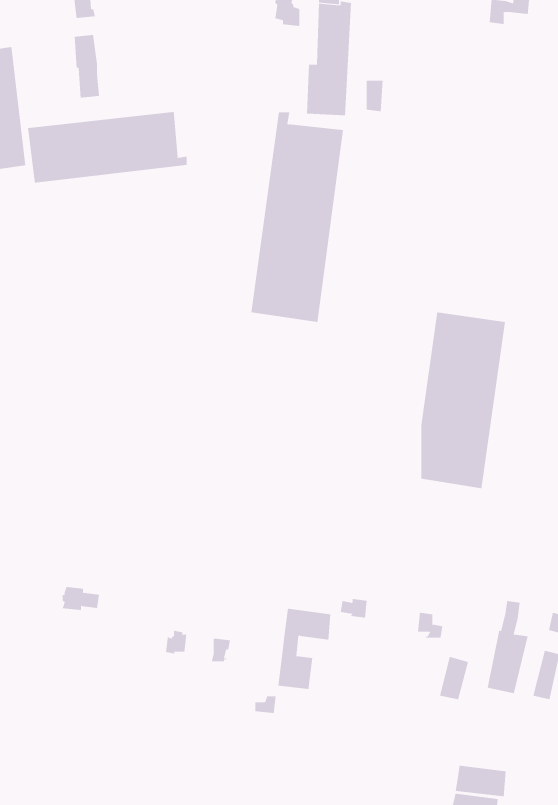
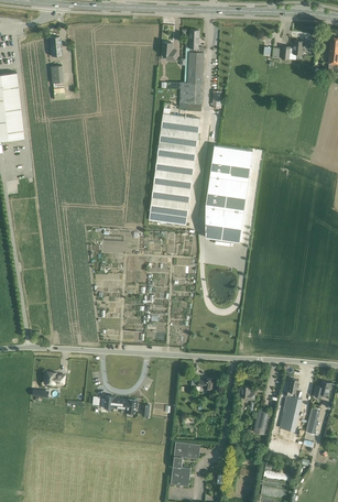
building: [28,111,187,183] -> none
building: [421,312,506,489] -> [206,144,253,242]
building: [277,608,331,690] -> [171,440,200,485]

